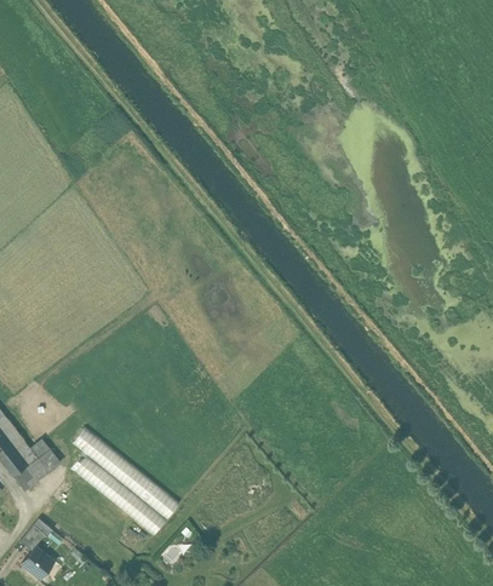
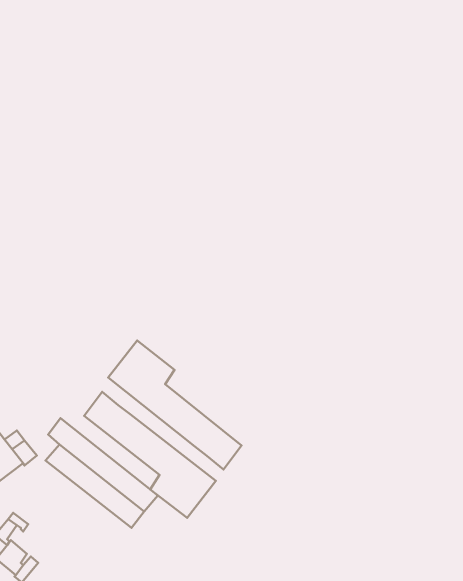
building: none -> [108,341,242,469]
building: none -> [84,392,216,518]

